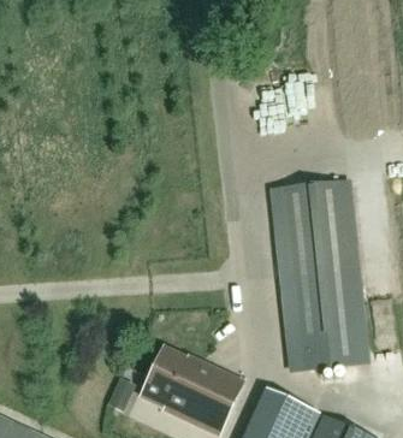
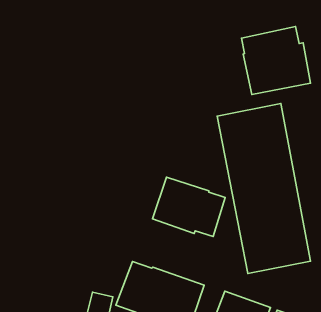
building: none -> [241,26,311,95]
building: none -> [152,177,225,237]

